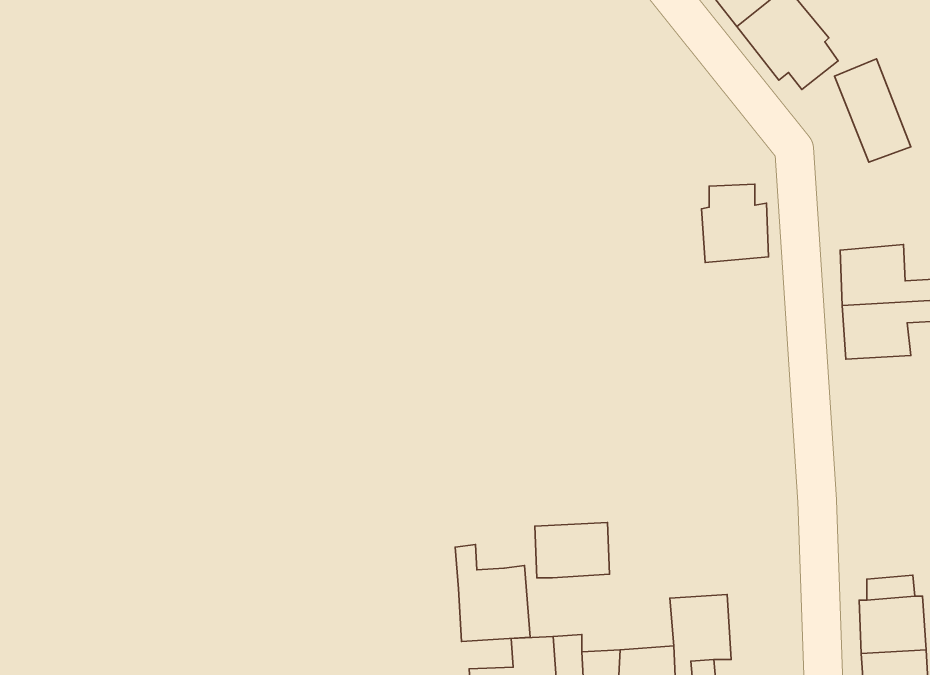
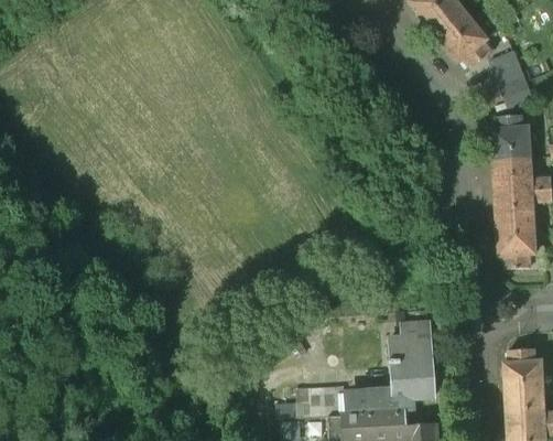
building: [701,184,768,262] -> [491,115,530,160]
building: none -> [497,220,535,267]
building: [535,522,609,578] -> [386,329,429,361]
building: [455,544,530,642] -> none

